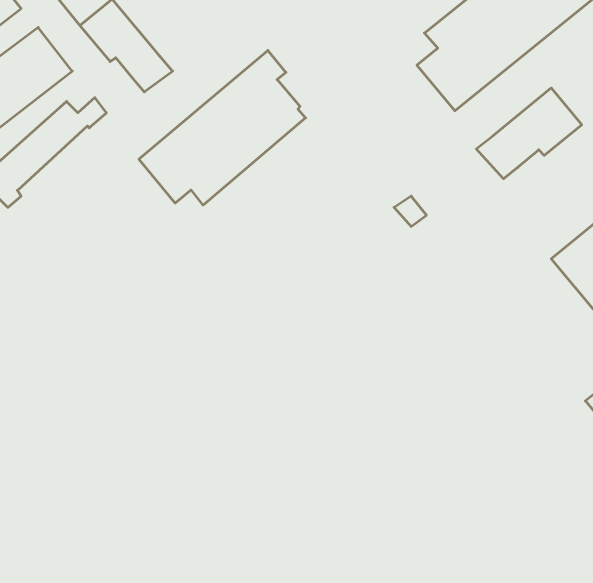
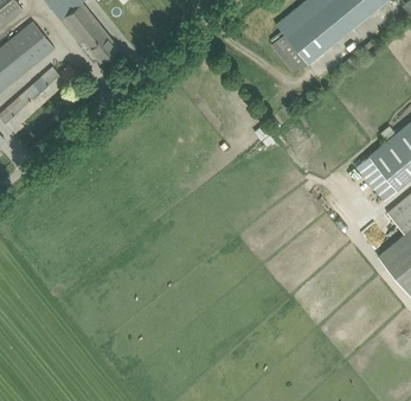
building: [139,50,306,205] -> none
building: [476,88,582,179] -> none

